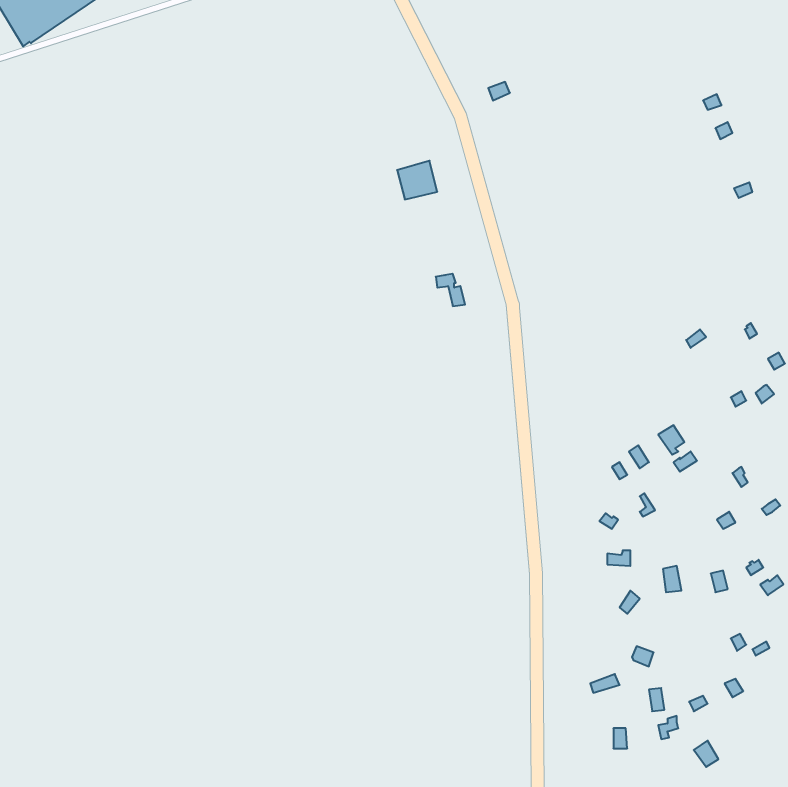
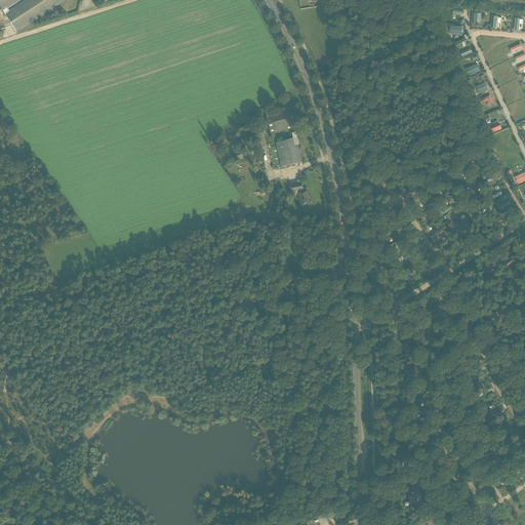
building: none -> [275,130,301,165]

